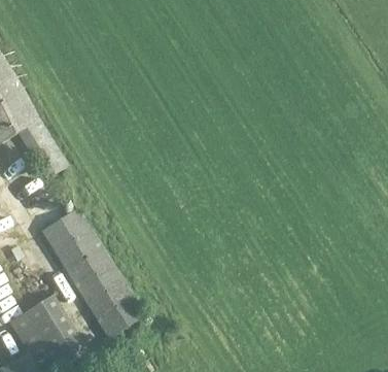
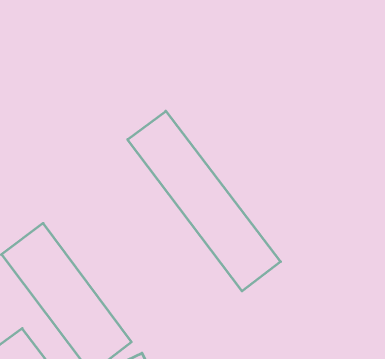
building: none -> [128,111,281,291]

